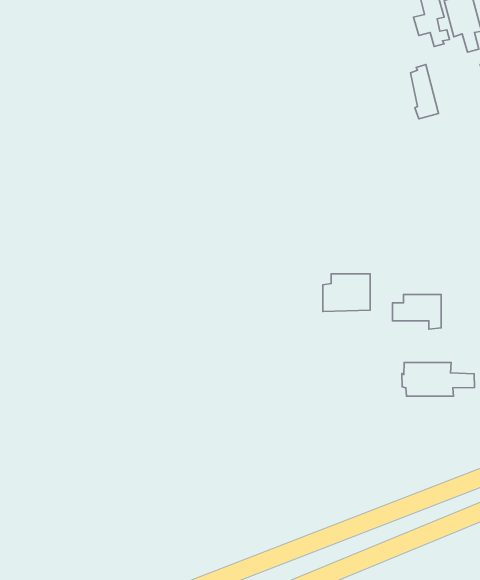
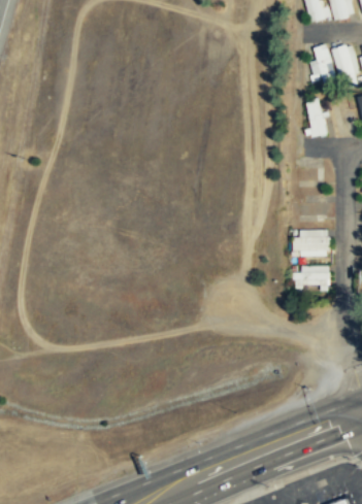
building: [323,274,370,311] -> [292,230,327,258]
building: [402,362,474,396] -> none

